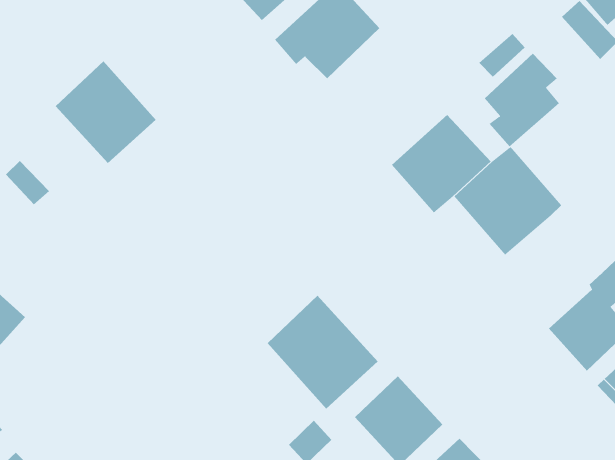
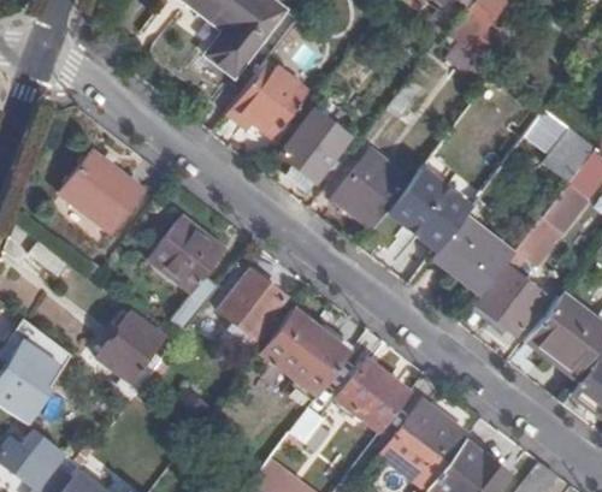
building: [484,53,560,147] -> [282,111,342,188]
building: none -> [152,218,225,327]
building: none -> [432,214,514,294]
building: none -> [220,269,285,340]
building: none -> [100,312,163,401]

